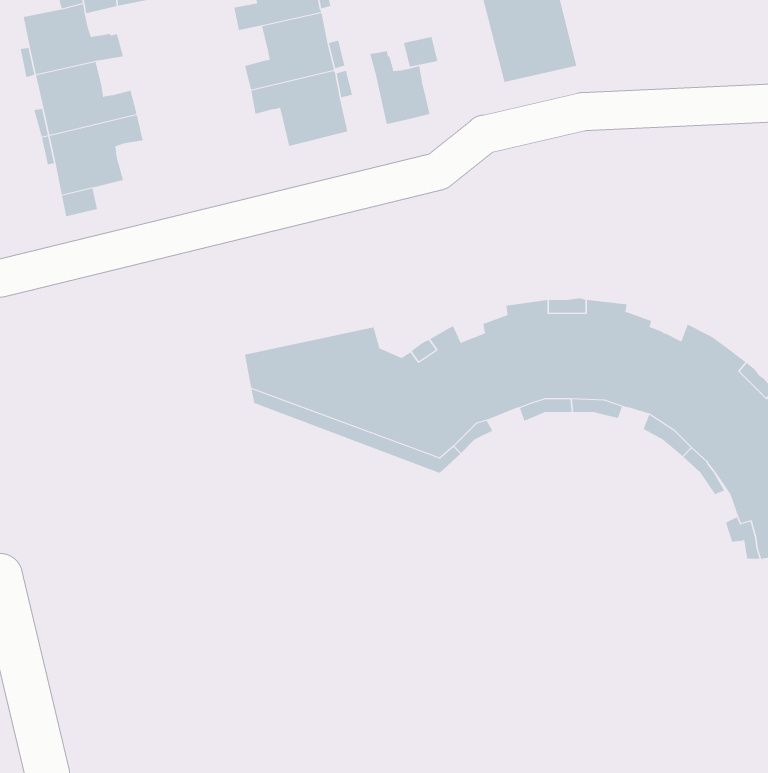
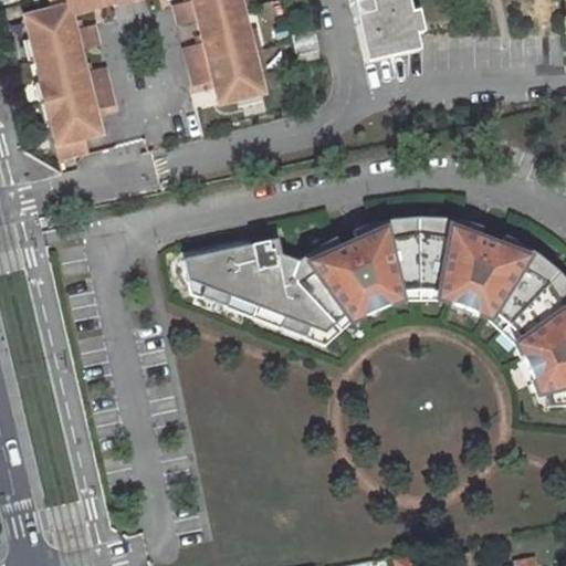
building: [370,50,430,125] -> none

